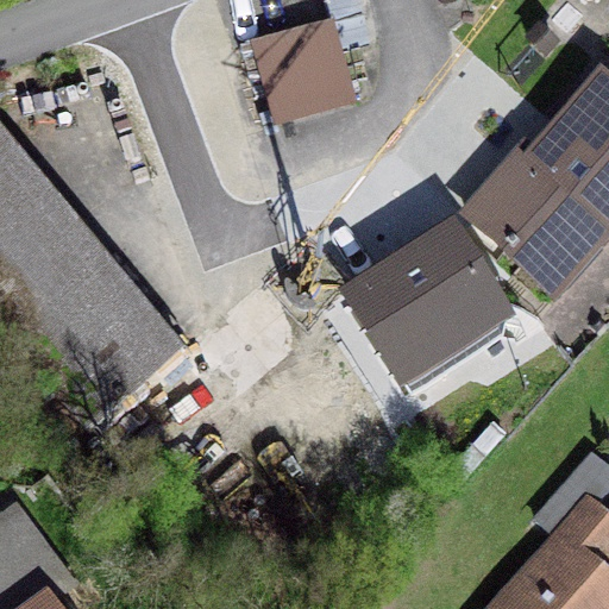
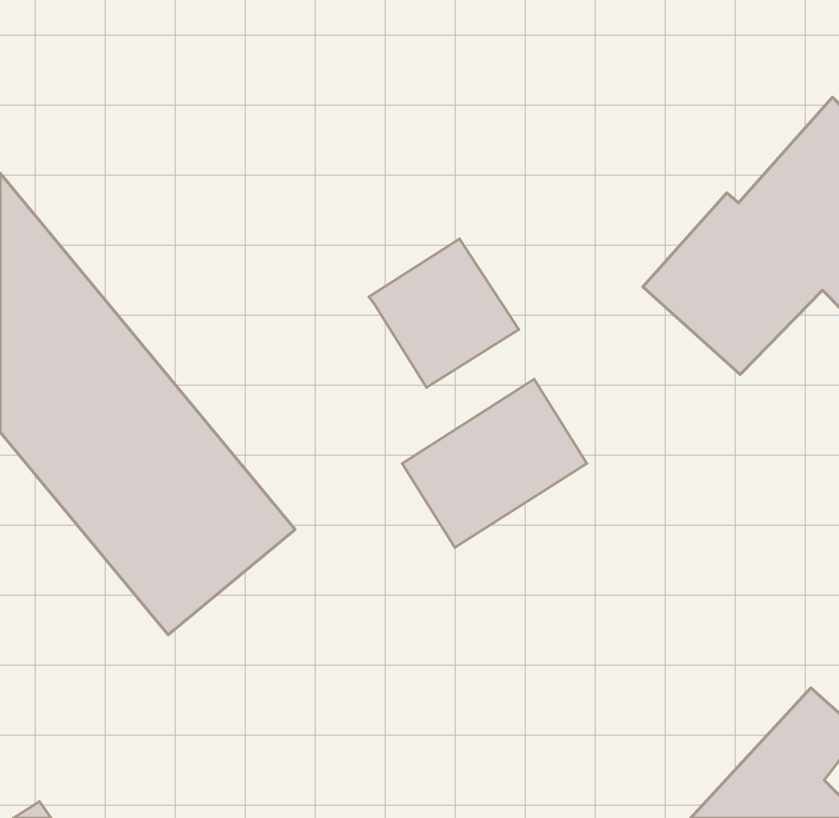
building: [257,14,344,102] -> none
building: [384,227,492,334] -> [369,239,519,387]

